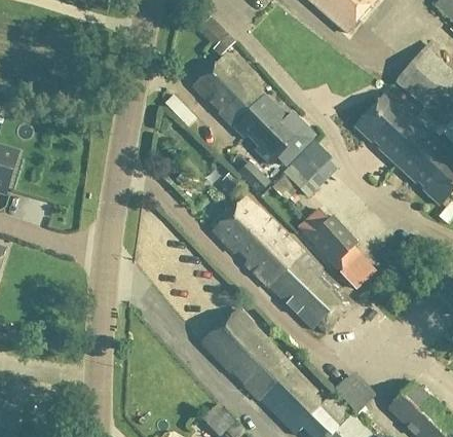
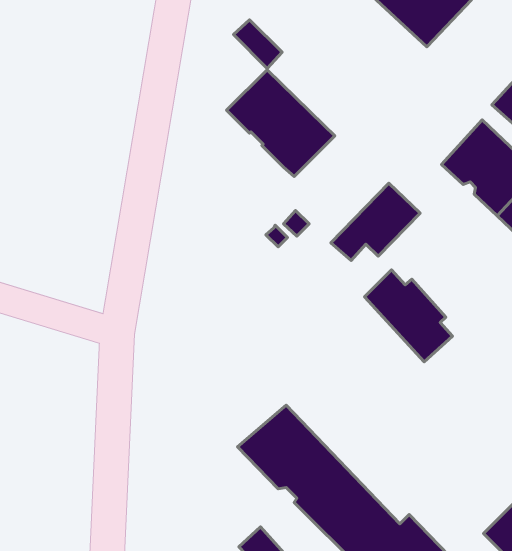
building: [242,104,315,163] -> none
building: [211,196,352,331] -> none
building: [341,256,376,289] -> none

